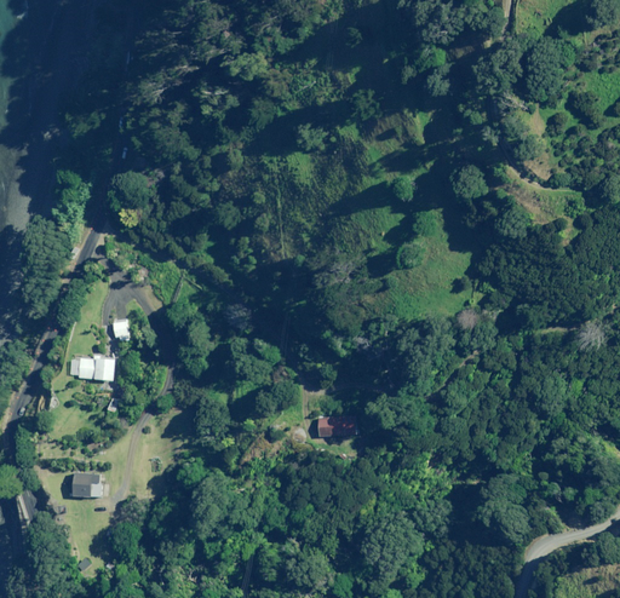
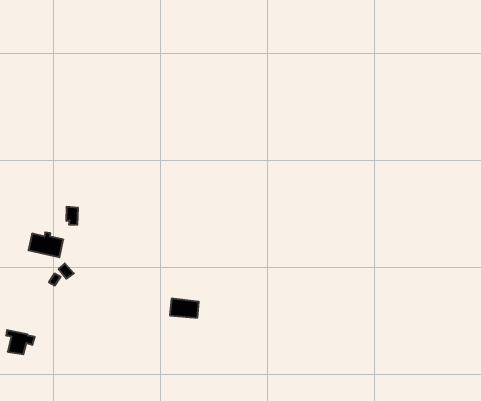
building: [317,416,350,437] -> [170,299,199,318]

